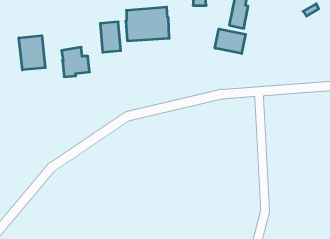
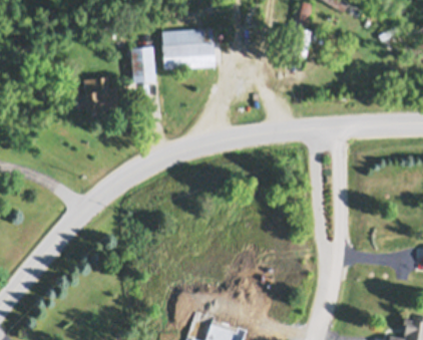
building: [215,29,246,54] -> none
building: [19,36,45,70] -> none

